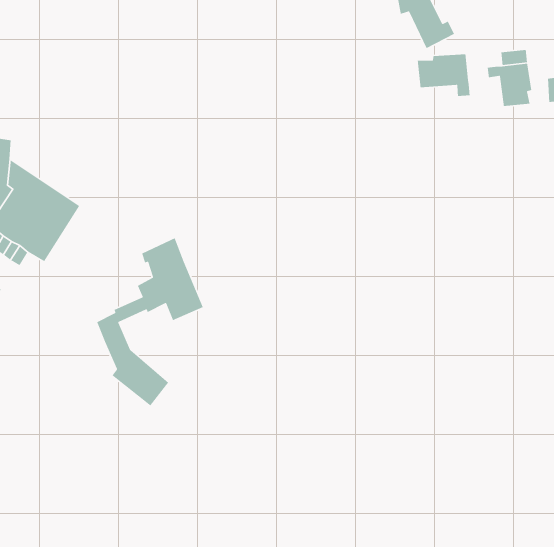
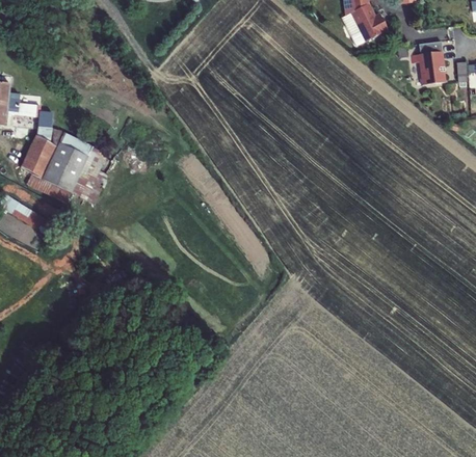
building: [417,54,470,97] -> none
building: [96,237,204,406] -> none

